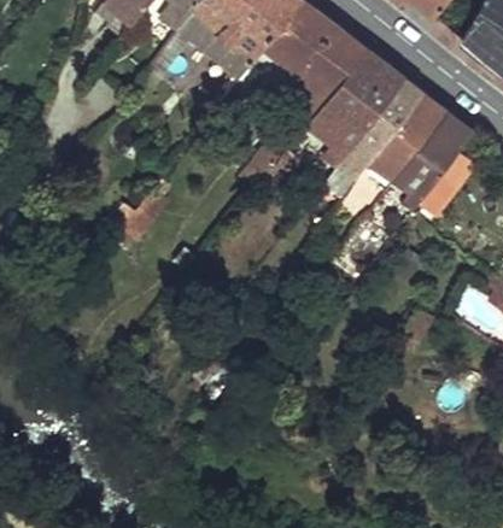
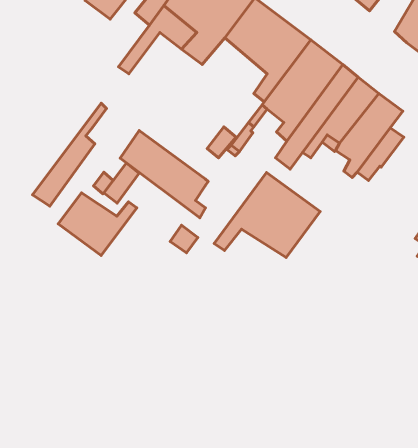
building: none -> [32,103,107,206]
building: none -> [120,131,208,218]
building: none -> [214,173,320,257]
building: none -> [58,193,137,255]

